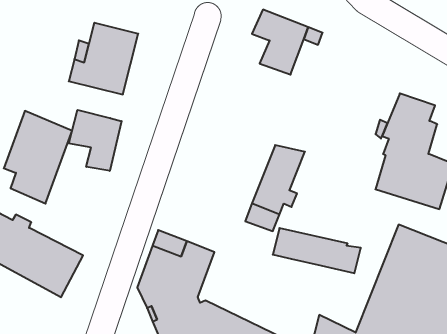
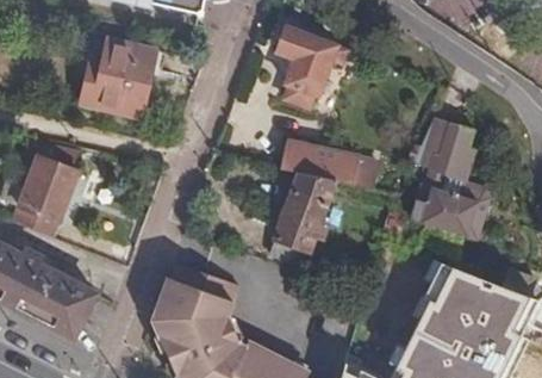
building: [69,110,122,171] -> none
building: [273,228,361,273] -> [281,140,376,188]

